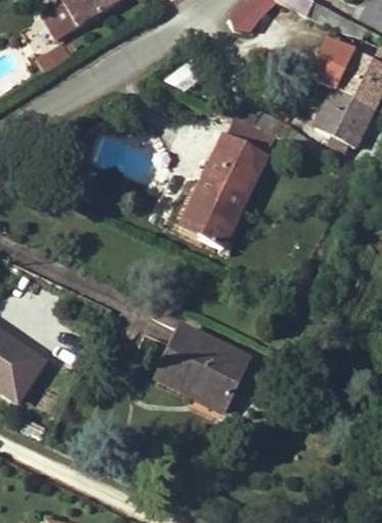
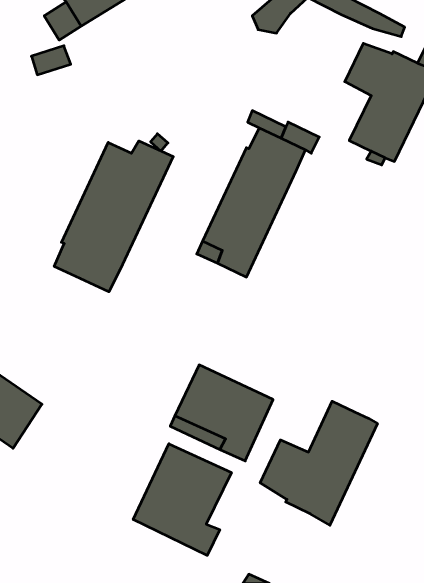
building: none -> [54,141,173,292]
building: none -> [260,401,377,525]
building: none -> [133,444,231,555]

